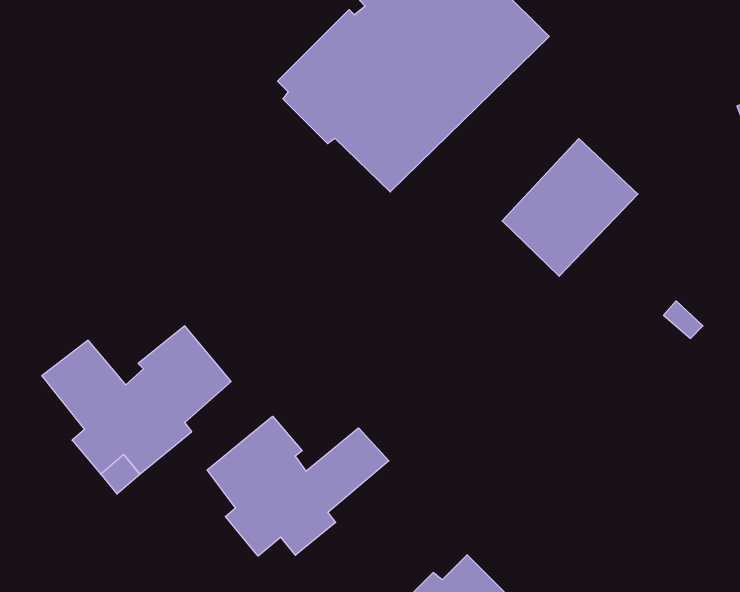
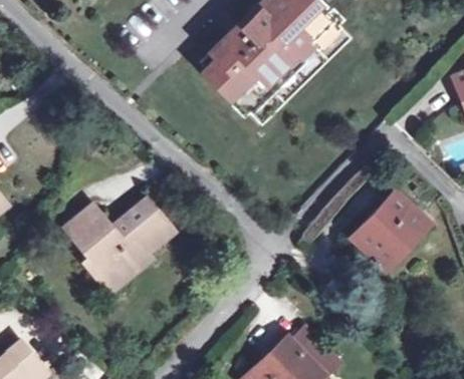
building: [502,139,638,276] -> [350,191,426,268]
building: [207,416,389,556] -> none

